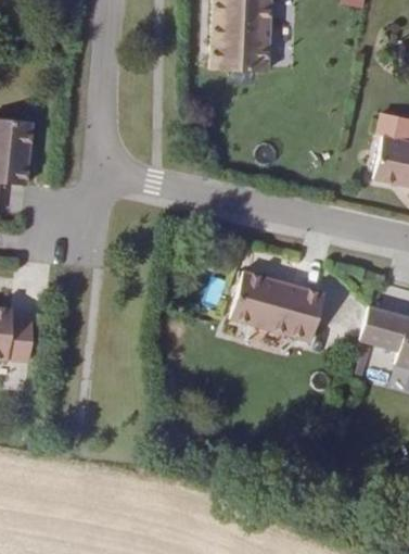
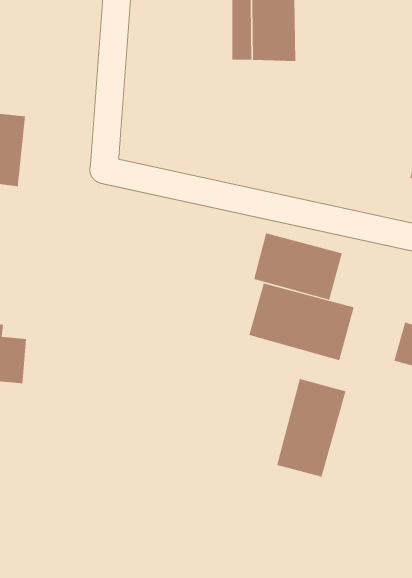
building: none -> [253,233,342,301]
building: none -> [276,378,346,478]

